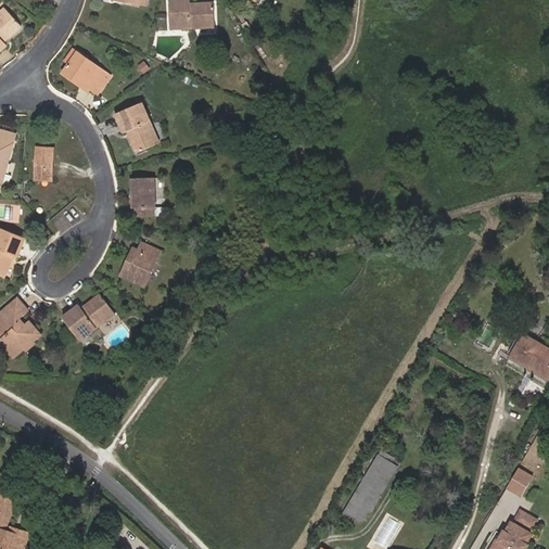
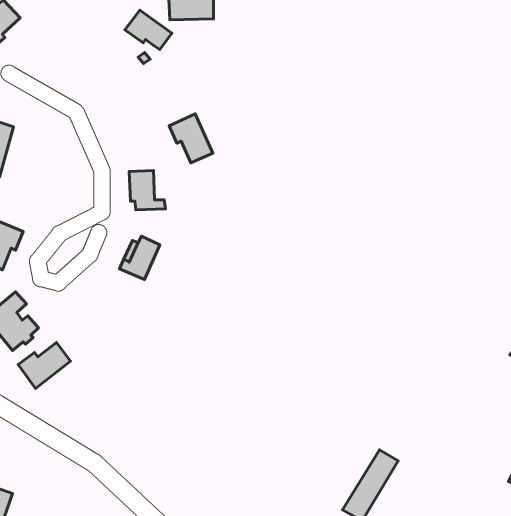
building: [62,53,108,92] -> [125,10,172,49]
building: [115,103,158,152] -> [169,114,213,163]
building: [34,149,53,179] -> none
building: [62,295,114,341] -> [18,343,71,388]

